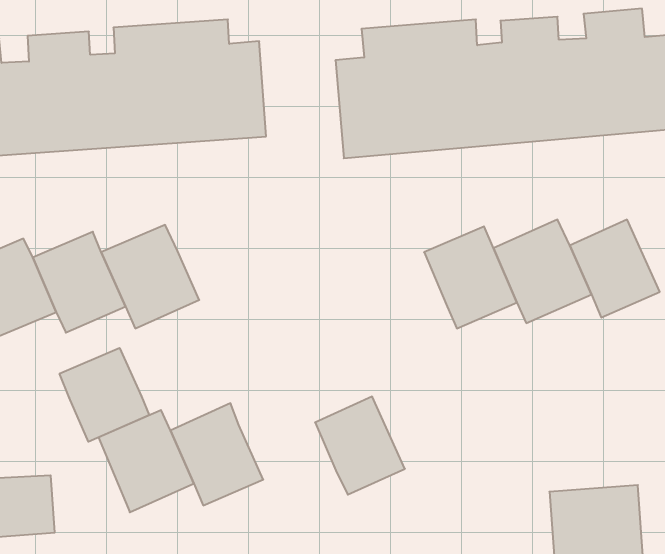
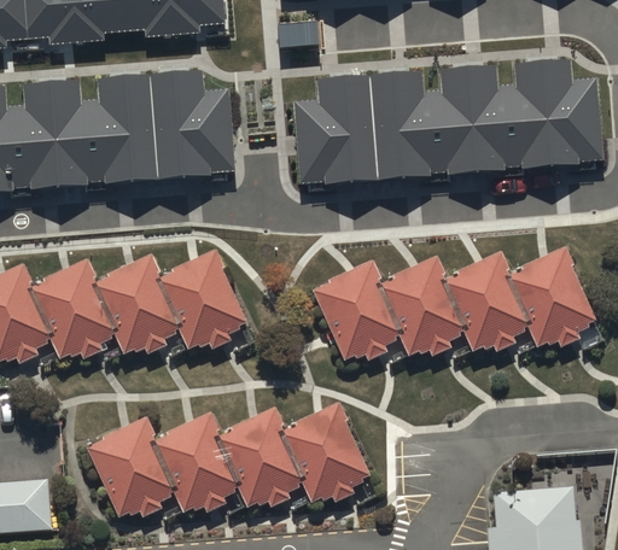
building: none -> [159,256,239,343]
building: none -> [314,263,398,352]
building: [60,348,149,442] -> none
building: none -> [214,408,301,499]

